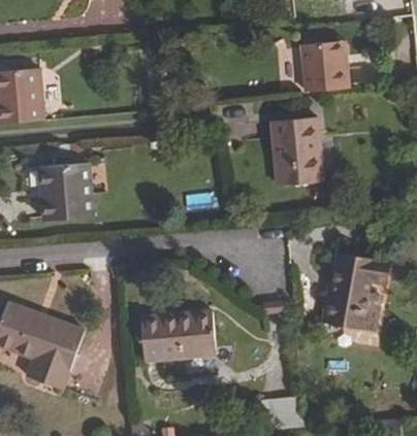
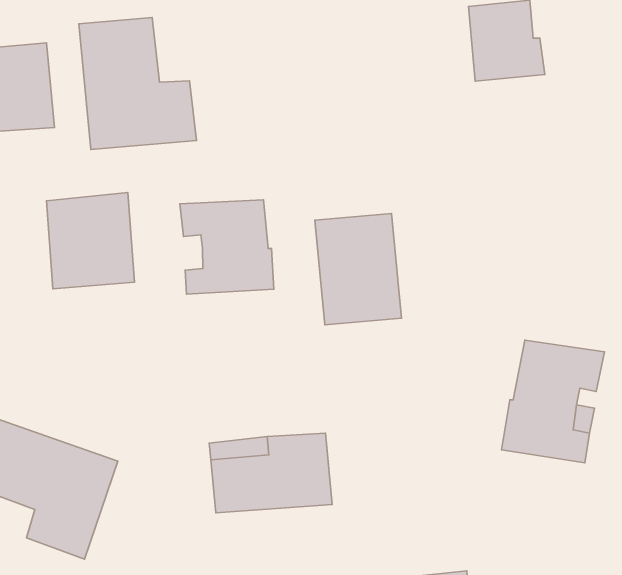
building: none -> [79,18,196,149]
building: [270,116,324,186] -> [315,213,401,325]
building: none -> [180,200,274,294]

